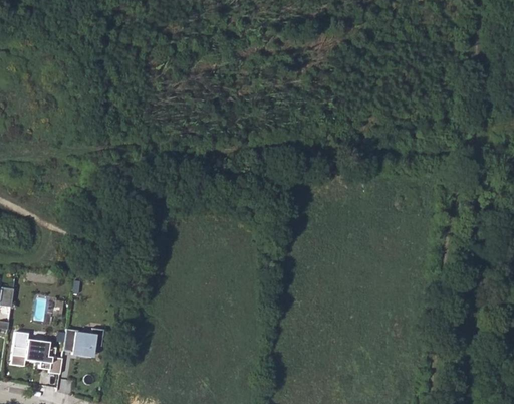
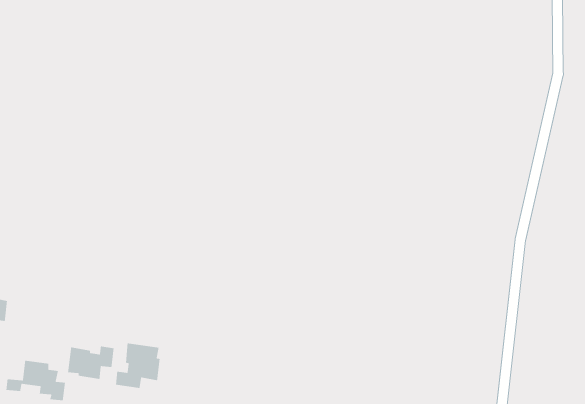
building: none -> [115,343,160,389]

